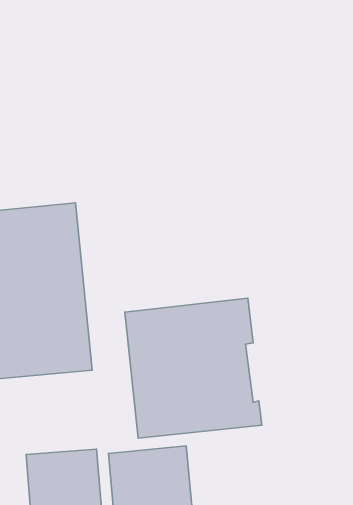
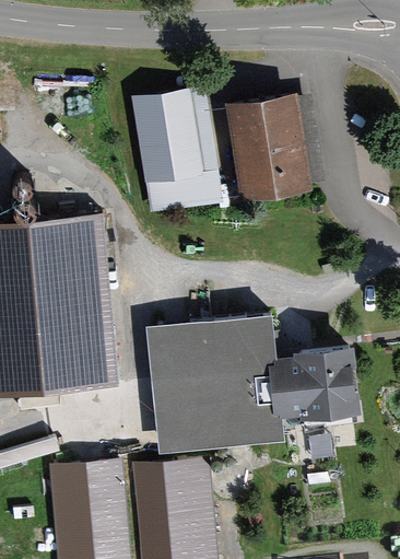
building: none -> [131,86,223,214]
building: none -> [226,92,310,198]
building: none -> [268,343,362,419]

